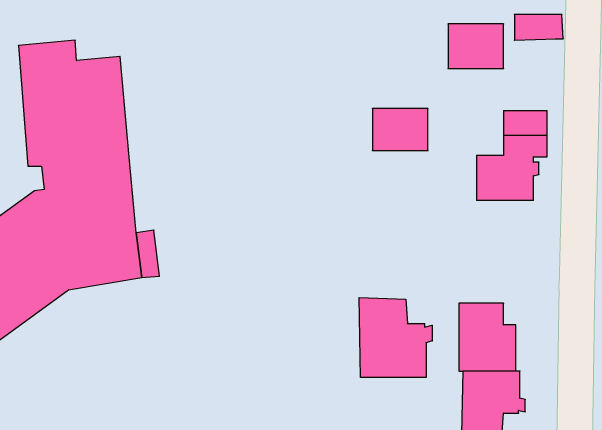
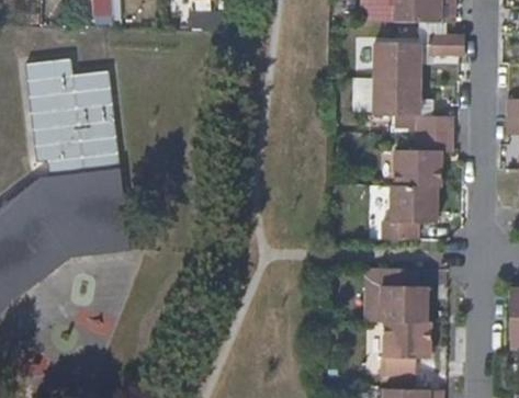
building: [372,109,428,151] -> [373,80,418,114]
building: none -> [383,186,439,240]
building: [359,298,432,377] -> none

